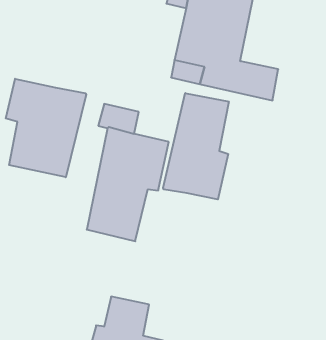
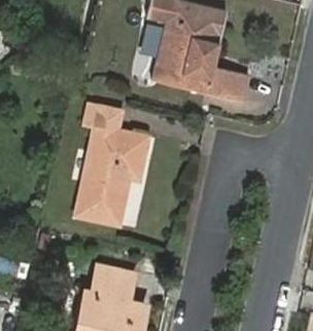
building: [6,79,86,177] -> none
building: [163,93,229,199] -> none

